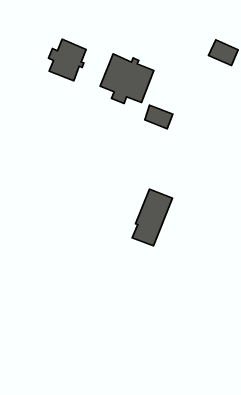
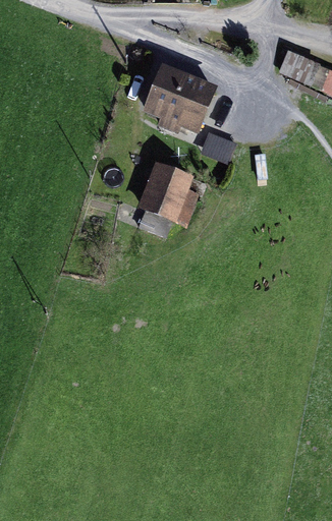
building: [49,39,86,81] -> none
building: [132,189,173,246] -> [139,165,188,235]

